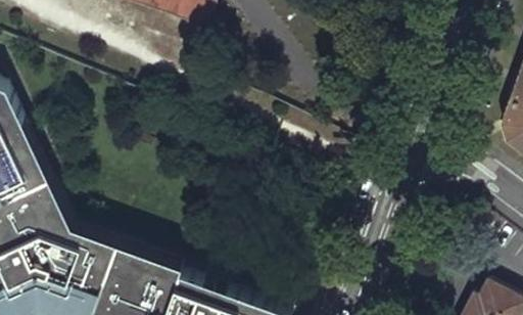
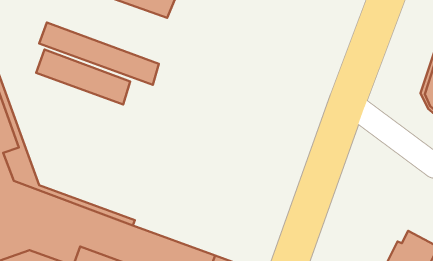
building: none -> [39,22,159,85]
building: none -> [36,50,130,105]

